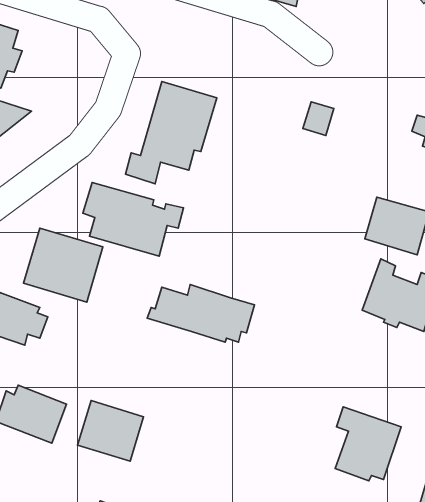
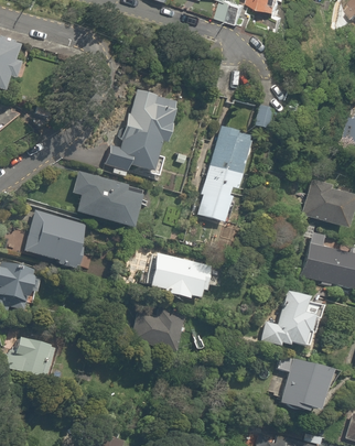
building: none -> [186,123,255,222]
building: none -> [259,287,323,348]
building: [78,401,143,461] -> [133,302,187,351]

